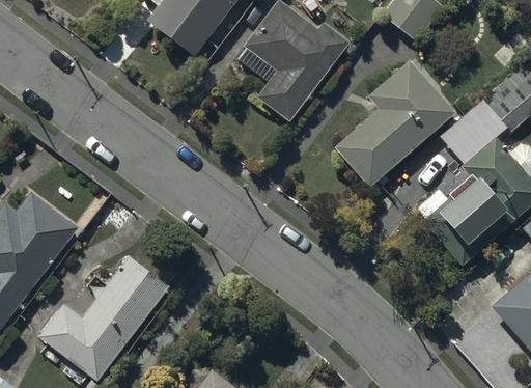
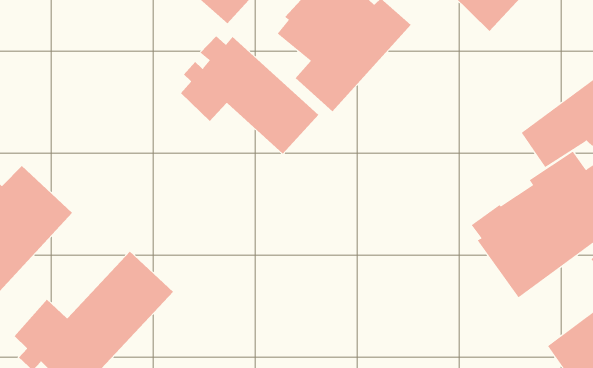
building: [334,59,456,188] -> none
building: none -> [180,35,319,154]

